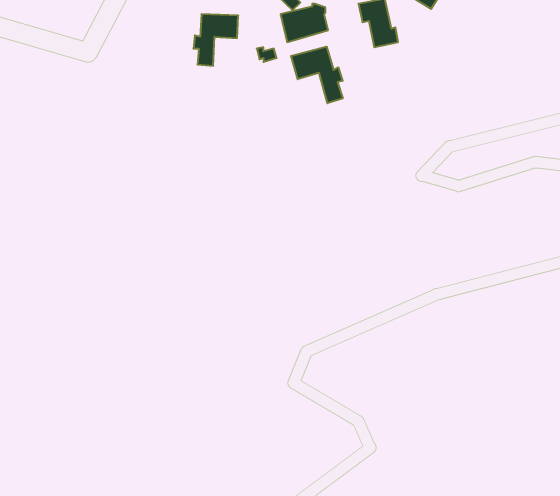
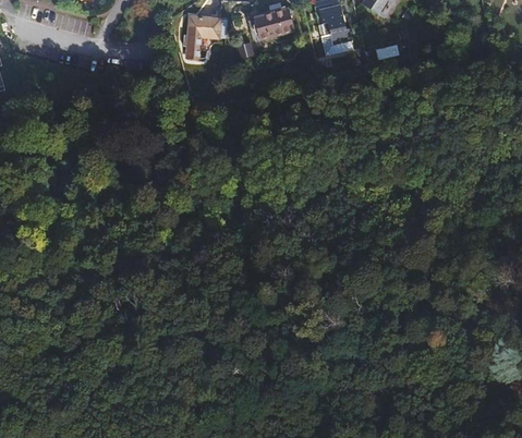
building: [291,47,343,103] -> none

